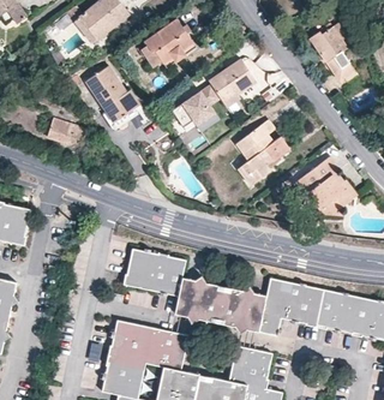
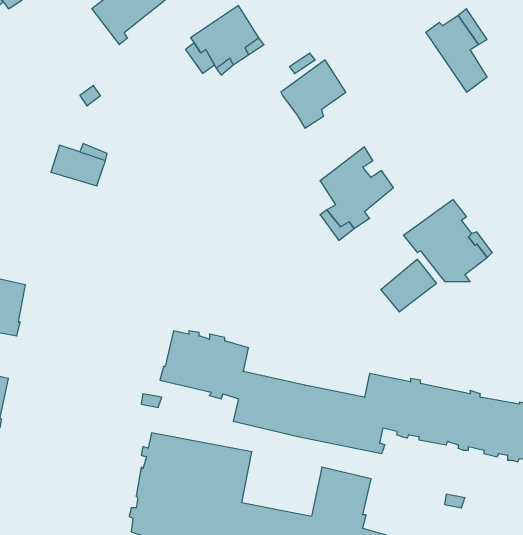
building: [85,65,139,121] -> none
building: [173,83,221,126] -> none
building: none -> [381,259,436,312]

